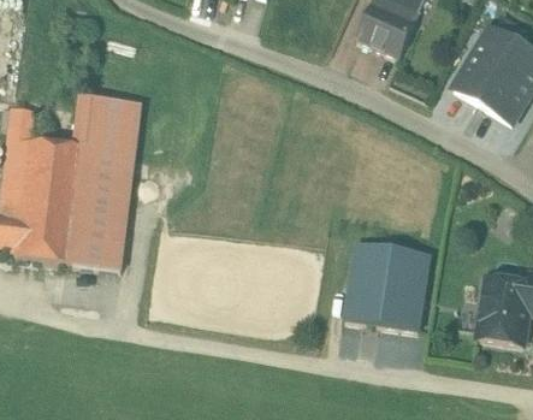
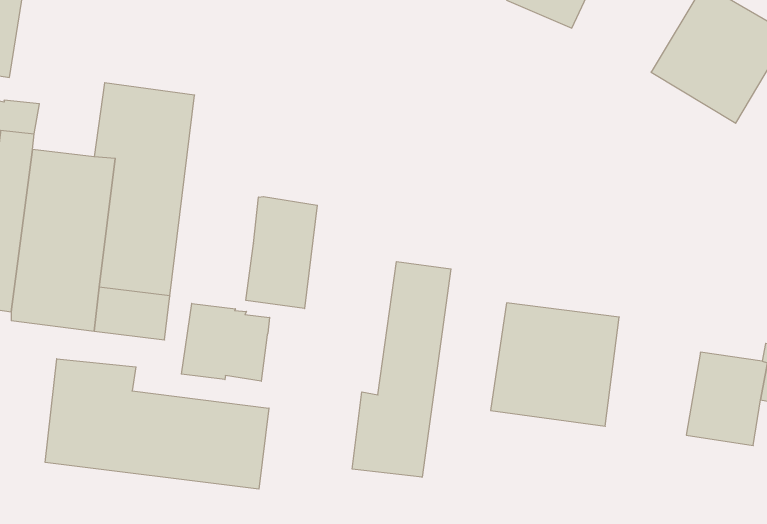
building: none -> [246,197,317,309]
building: none -> [352,262,451,477]
building: none -> [181,303,270,381]
building: none -> [45,359,269,489]

